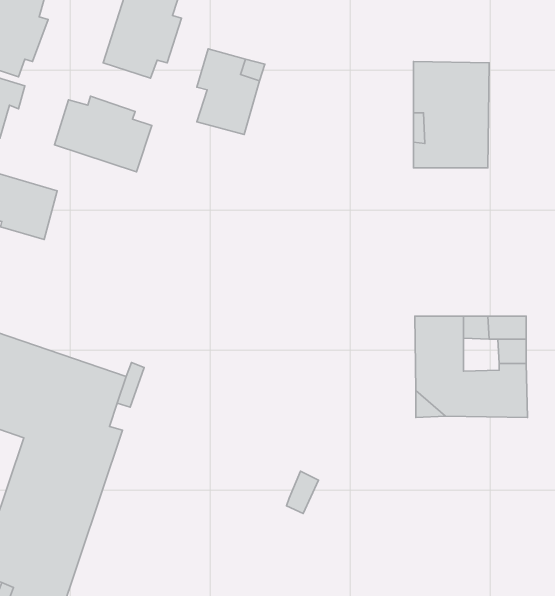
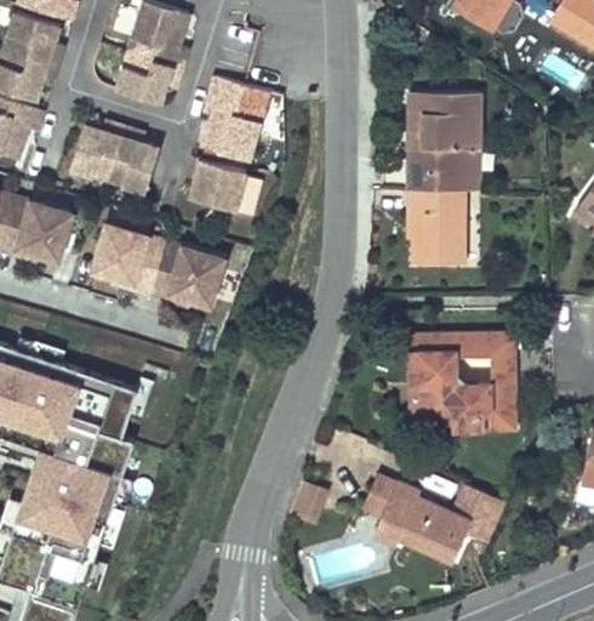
building: none -> [185,156,263,212]
building: none -> [409,193,464,266]
building: none -> [95,226,224,304]
building: none -> [361,473,506,559]

